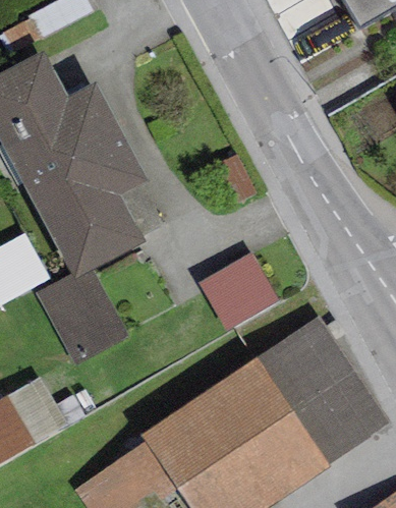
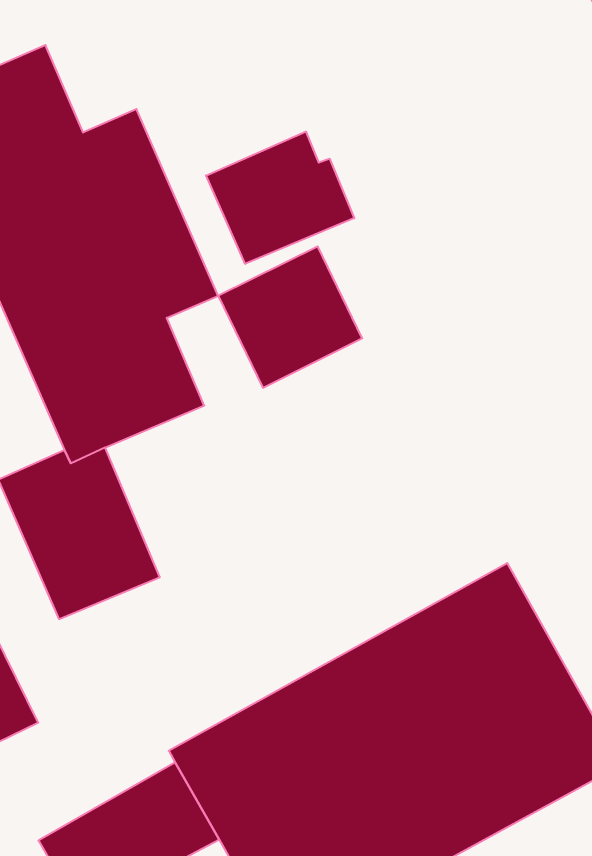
building: none -> [206,132,354,264]
building: [197,251,279,332] -> [218,246,362,388]

